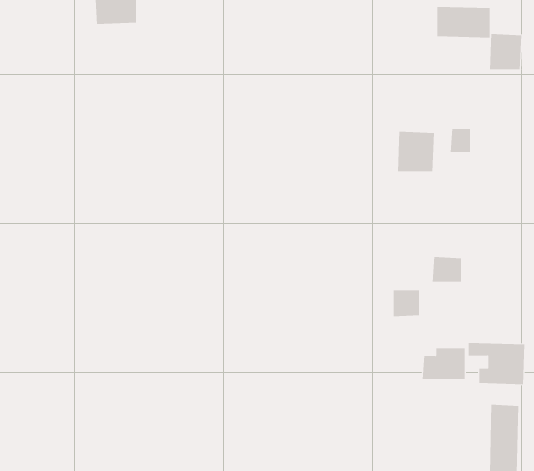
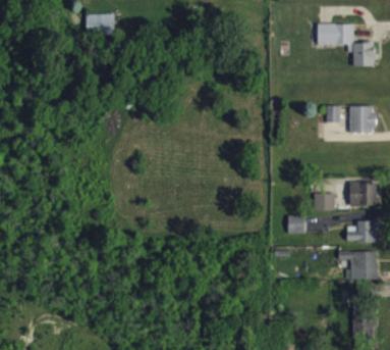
building: [397,131,435,172] -> [349,105,375,133]
building: none -> [349,183,377,206]
building: [422,348,466,380] -> [346,220,376,242]

